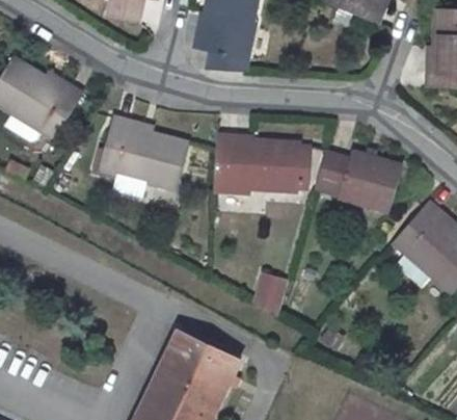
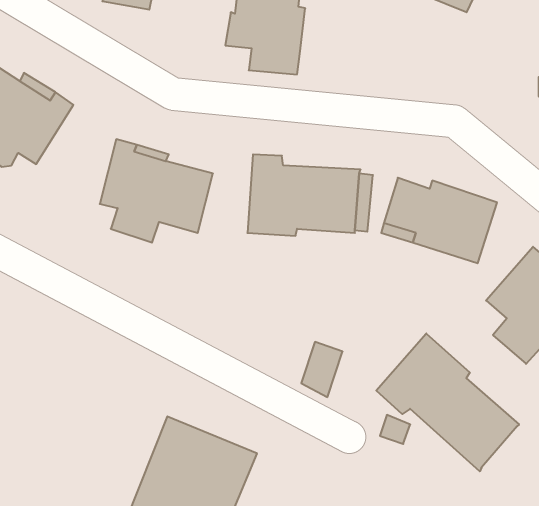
building: none -> [376,333,519,471]

